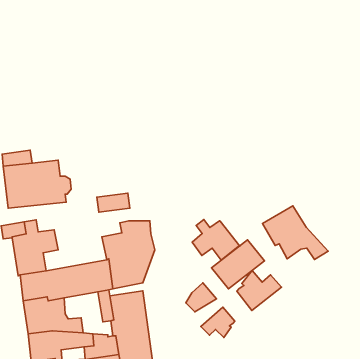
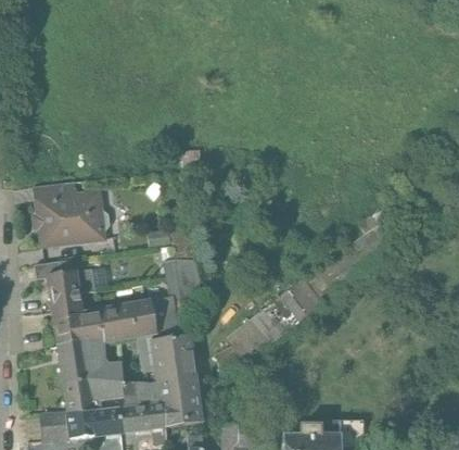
building: [263,206,328,259] -> none
building: [192,220,240,260] -> none
building: [237,270,282,310] -> none
building: [201,307,235,338] -> none

